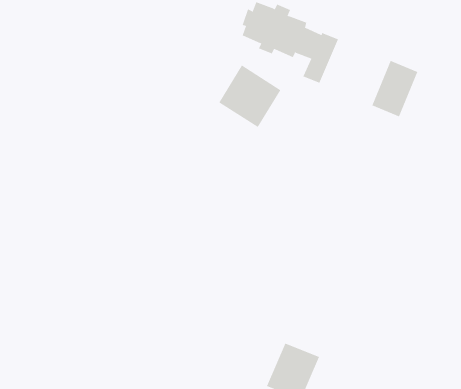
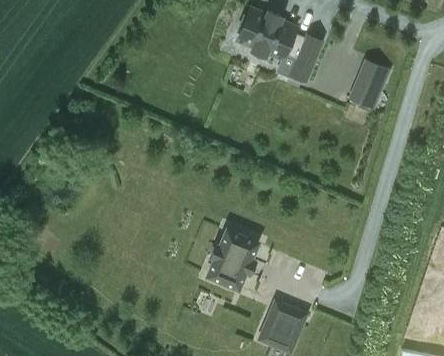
building: [218,65,281,128] -> none
building: none -> [205,230,257,291]

